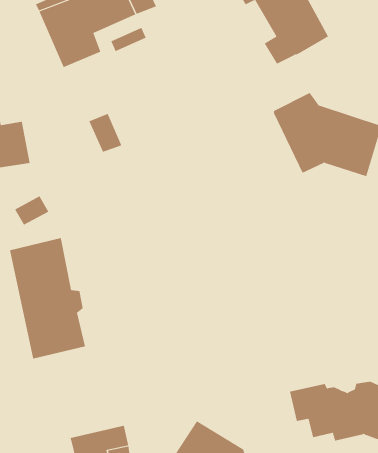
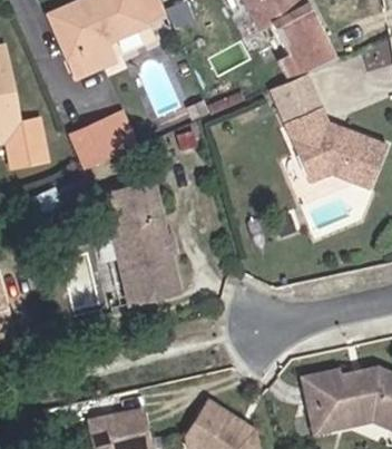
building: none -> [265,58,315,111]
building: none -> [71,121,116,166]
building: [9,237,86,359] -> [106,179,179,296]

